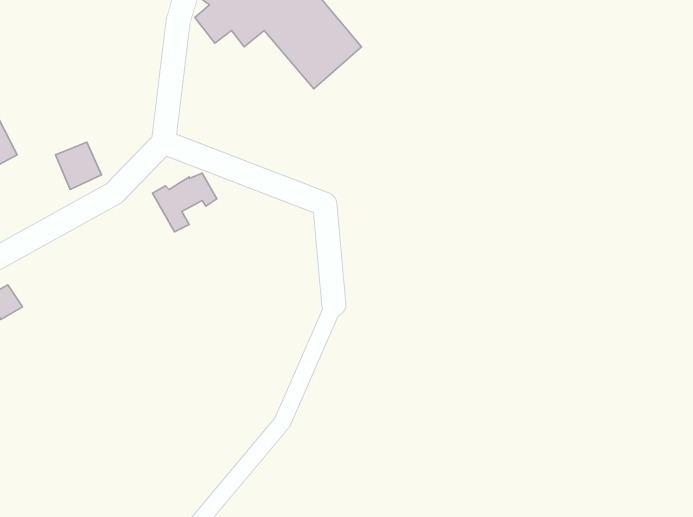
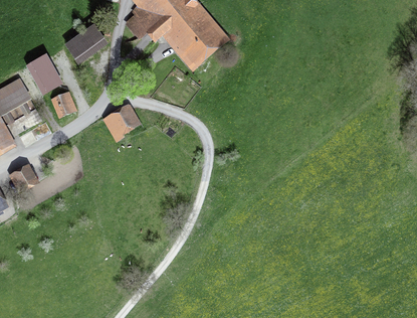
building: none -> [68,27,102,57]
building: none -> [26,52,62,94]

